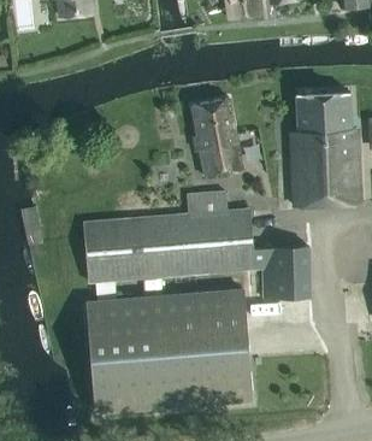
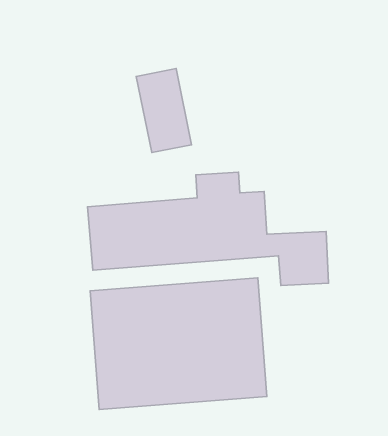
building: [291,92,361,205] -> none
building: [191,98,243,176] -> [136,69,192,152]

